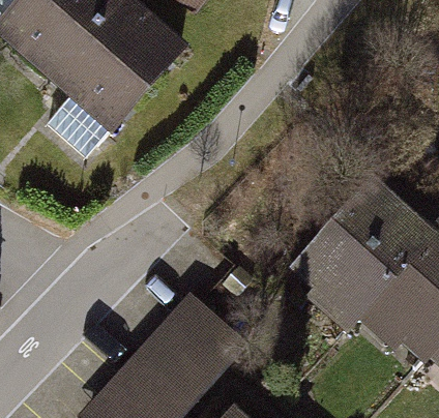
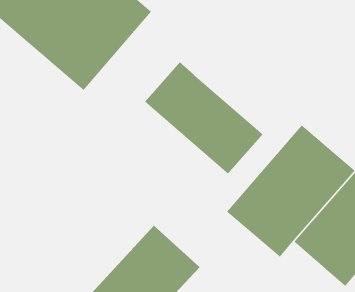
building: none -> [144,61,264,175]

